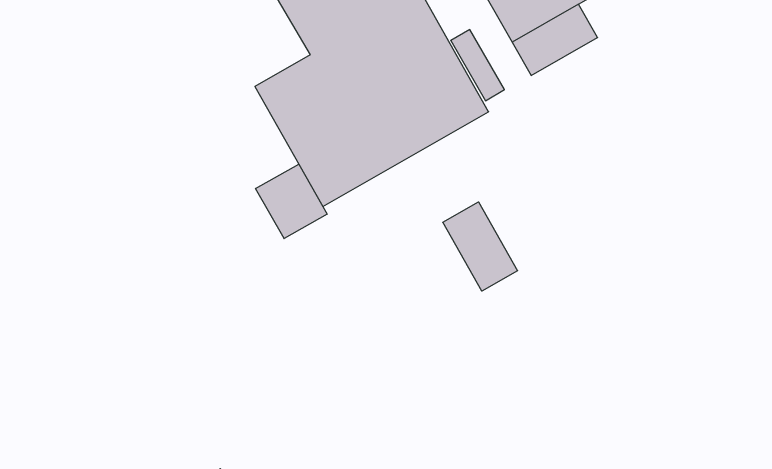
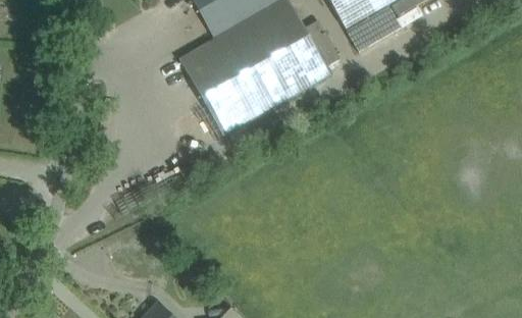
building: [256,164,327,239] -> none
building: [443,202,518,291] -> none

